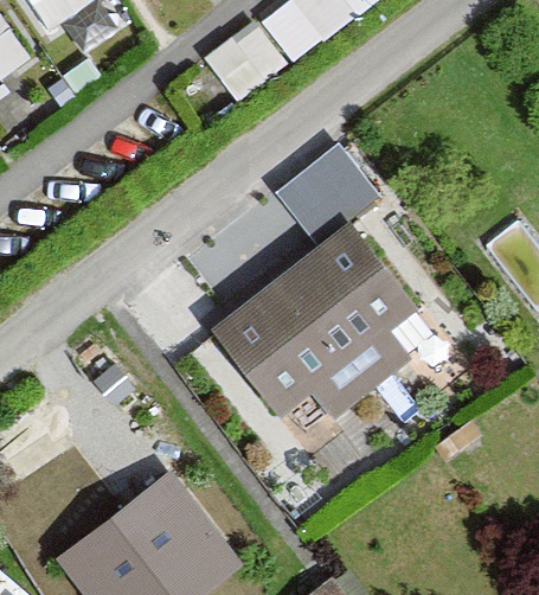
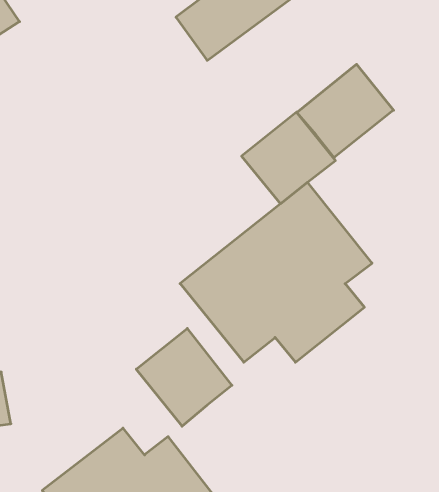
building: none -> [297,64,394,157]
building: none -> [136,328,232,426]

